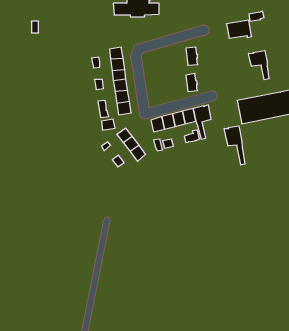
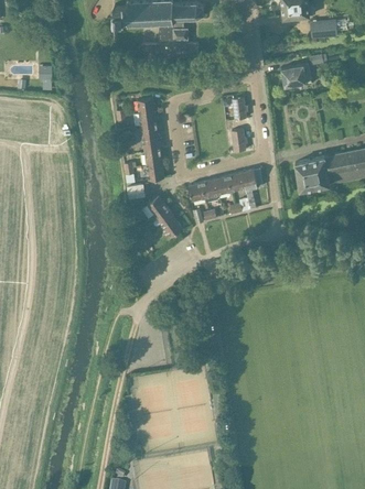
building: [249,50,269,80] -> none
building: [224,126,245,165] -> none

